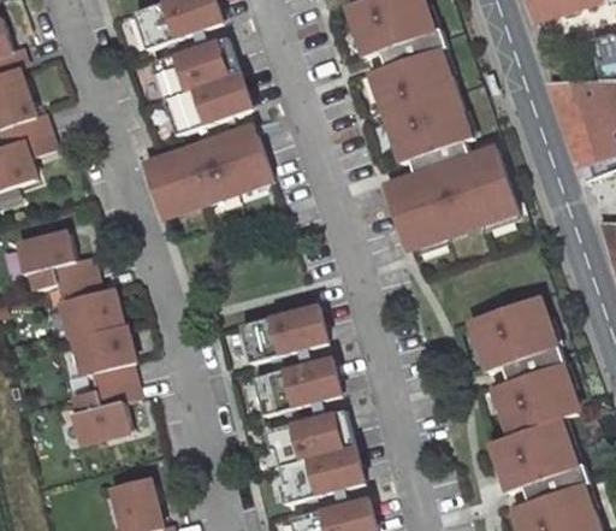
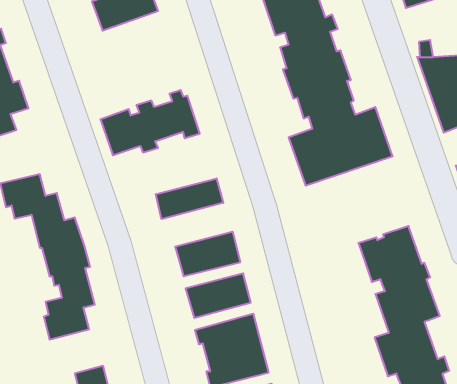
building: [152,39,248,134] -> none
building: none -> [156,178,223,219]

